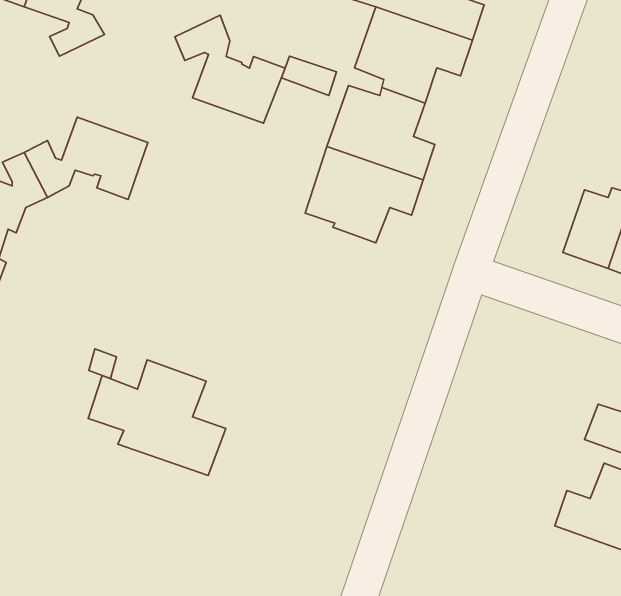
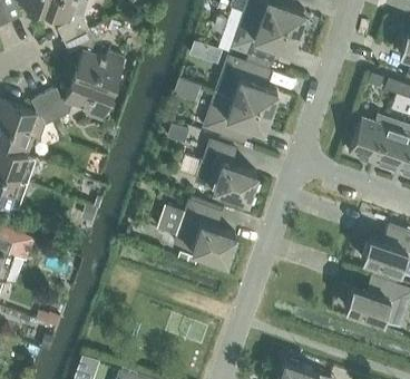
building: [175,15,285,123] -> [64,28,126,89]
building: none -> [195,140,257,201]
building: [88,360,226,476] -> [157,195,235,261]

